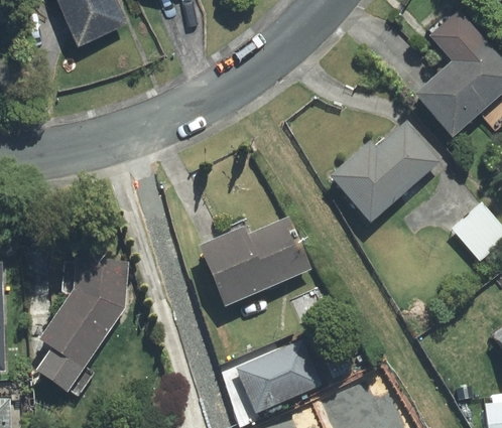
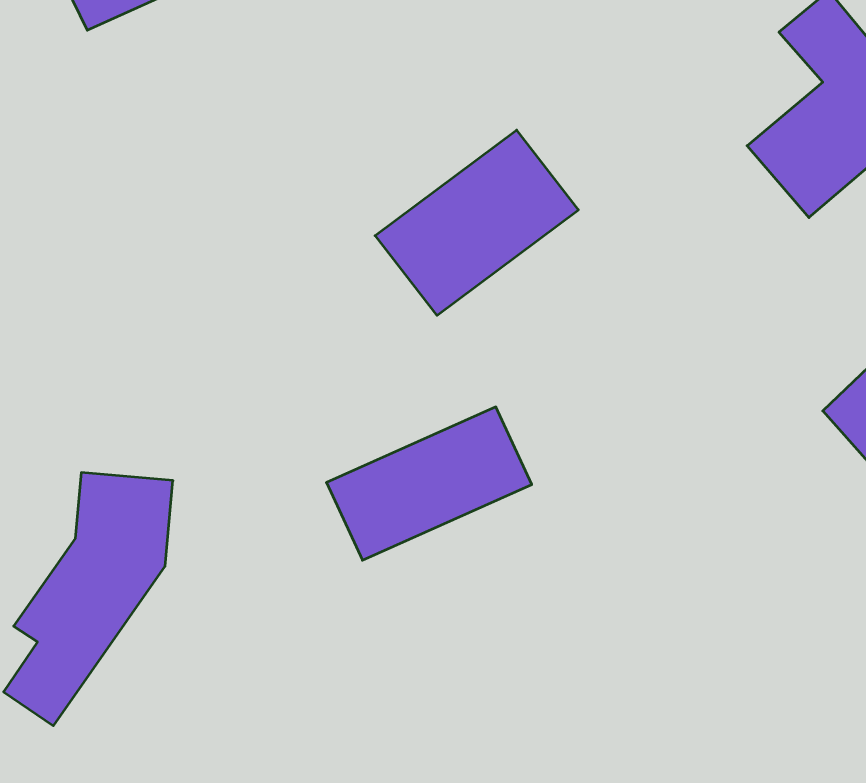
building: [332,125,434,219] -> [375,130,578,315]
building: [240,343,317,409] -> none

